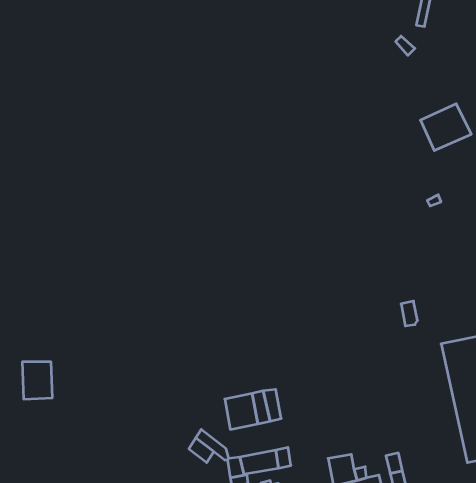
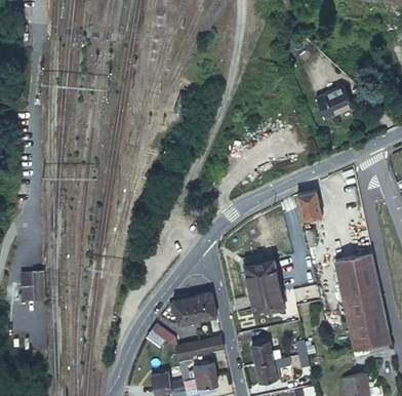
building: none -> [296,192,321,221]
building: none -> [245,261,283,313]

